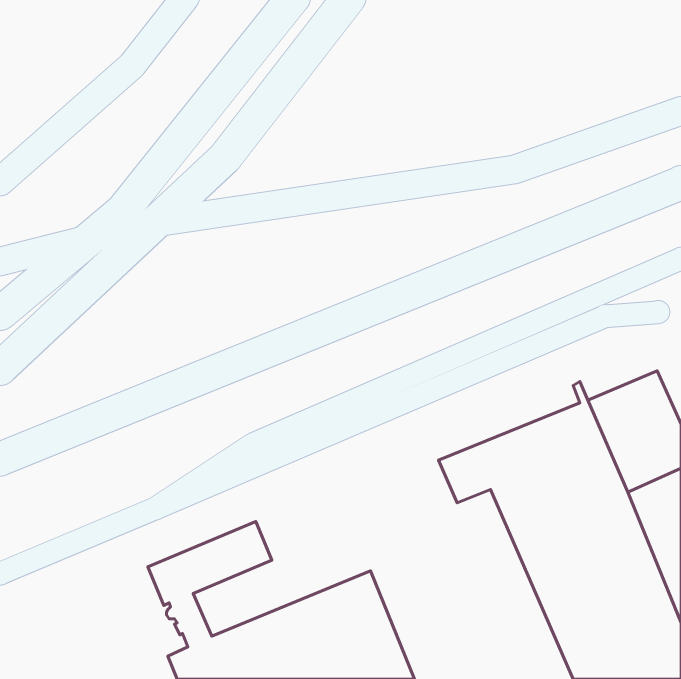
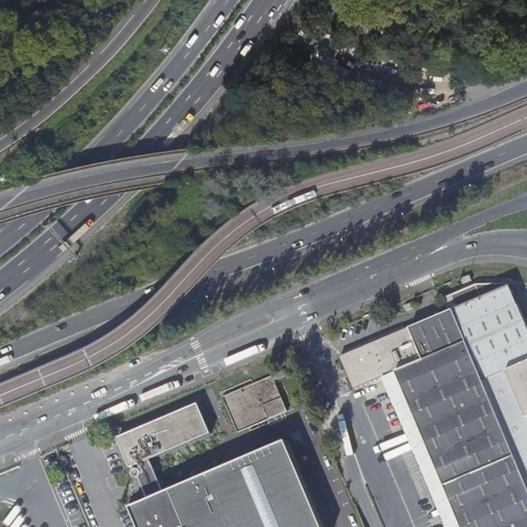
building: none -> [221,375,286,430]

